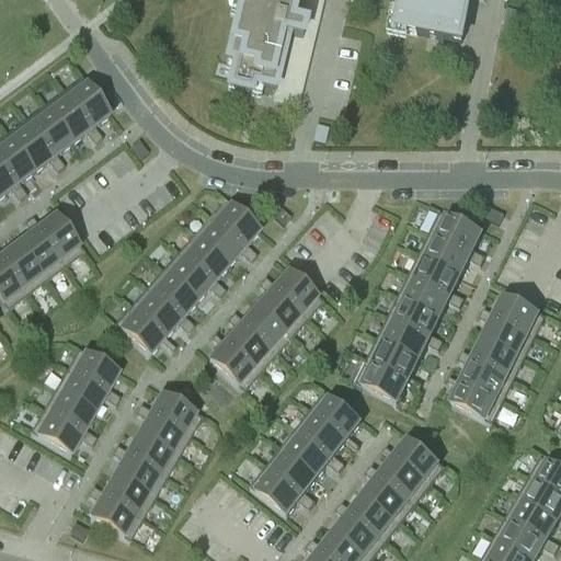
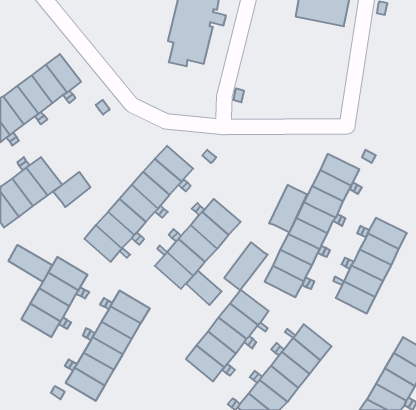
building: none -> [53,172,90,207]
building: none -> [269,185,307,232]
building: none -> [224,242,268,290]
building: none -> [9,245,53,282]
building: none -> [186,271,222,305]

